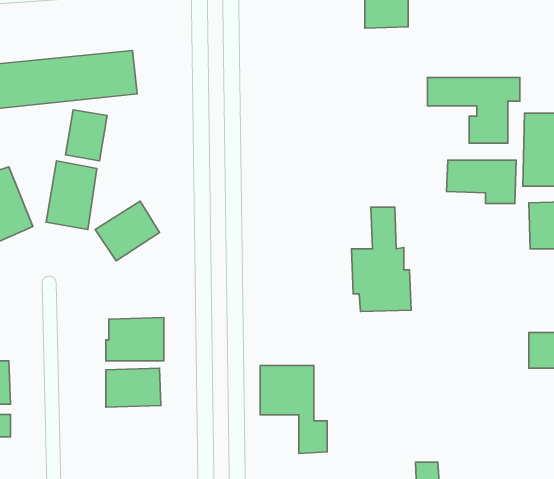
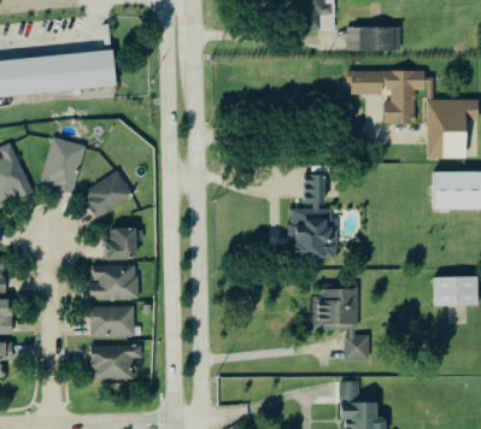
building: none -> [346,27,400,51]
building: [65,110,107,161] -> none
building: [446,160,516,203] -> none
building: none -> [107,228,136,260]
building: [260,366,327,453] -> [313,289,368,360]
building: none -> [90,345,140,380]

